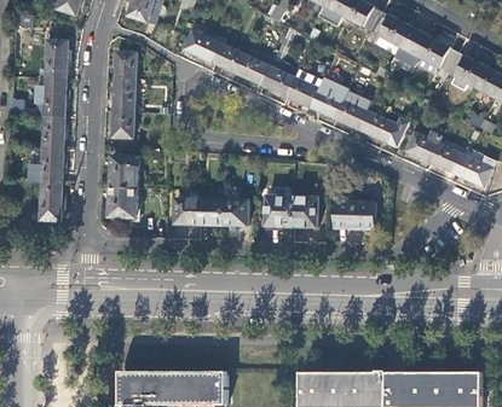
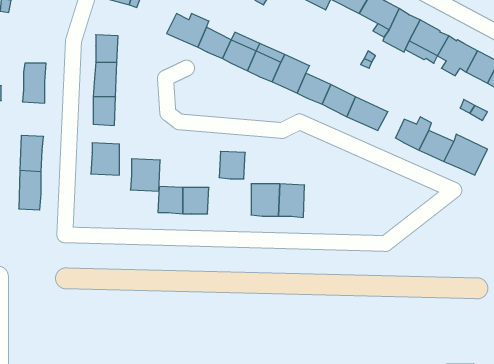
building: [45,40,67,79] -> none
building: [41,116,64,150] -> none
building: [108,186,137,217] -> [130,159,160,191]
building: [223,199,248,226] -> [219,151,245,179]
building: [335,202,374,229] -> none

